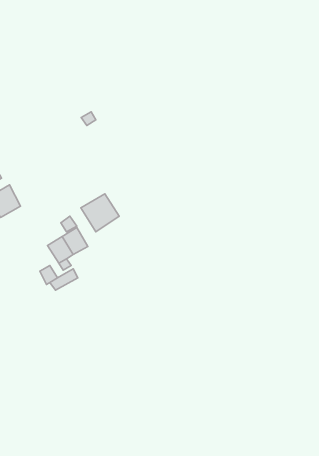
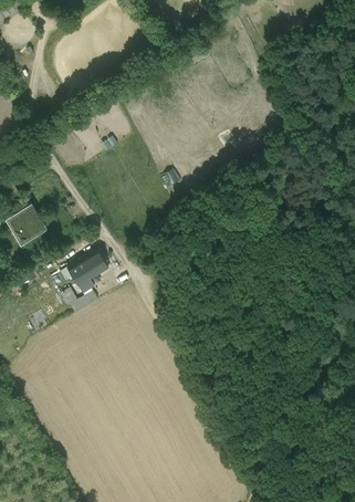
building: [81,194,119,232] -> none

